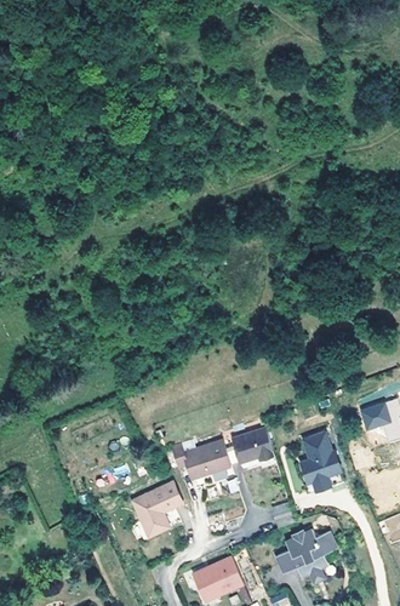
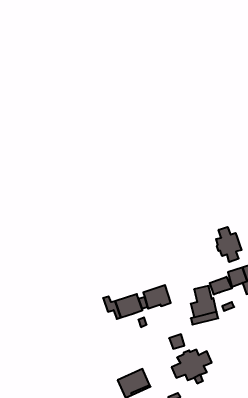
building: none -> [216,227,242,262]
building: none -> [210,277,232,295]
building: [132,485,179,537] -> none

